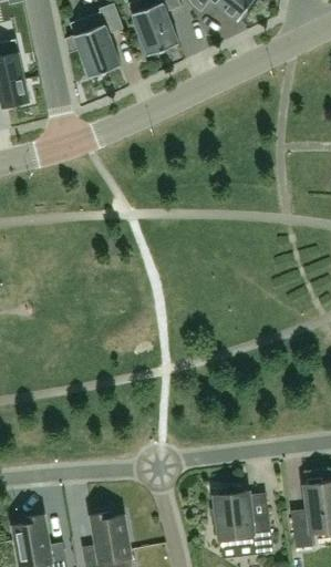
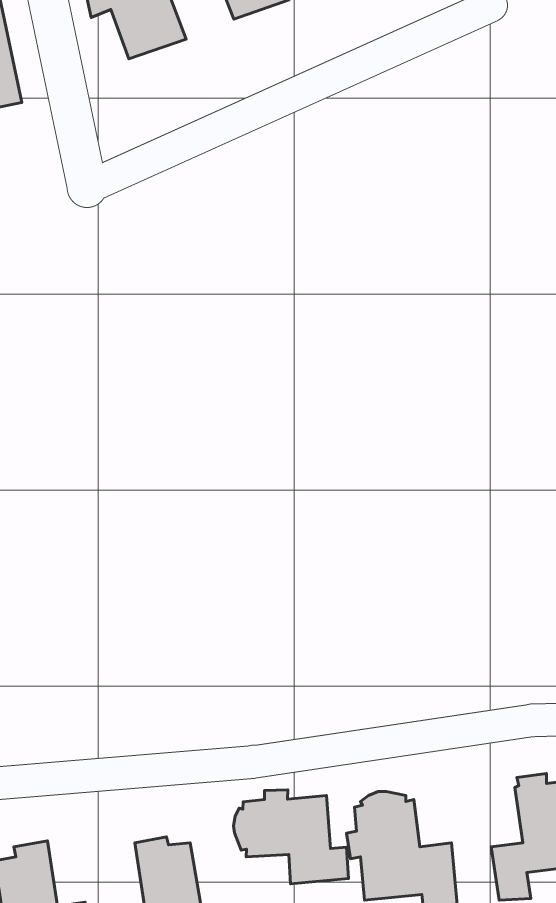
building: none -> [233,790,349,884]

